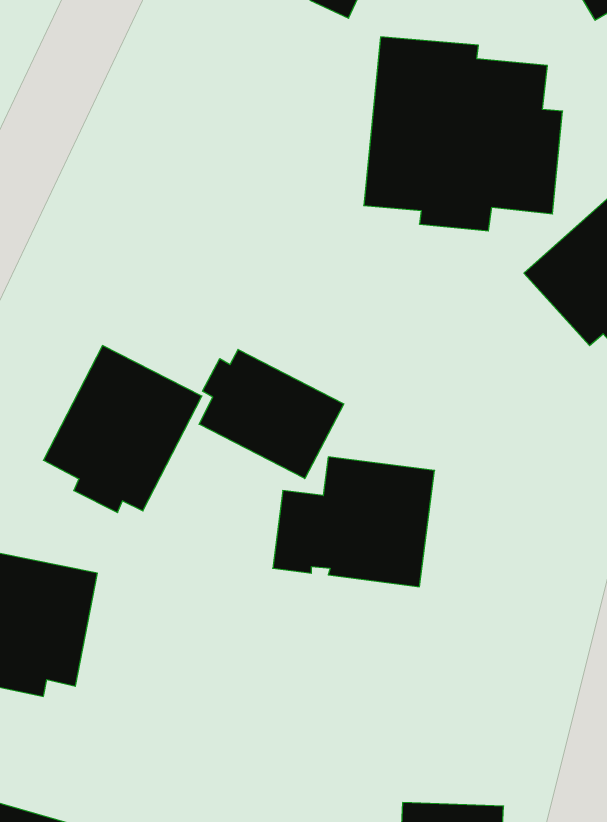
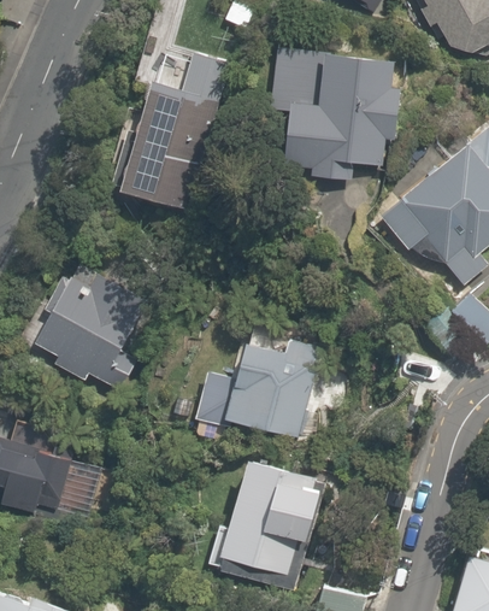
building: none -> [119,61,237,210]
building: [199,349,344,479] -> none
building: none -> [220,460,331,586]

